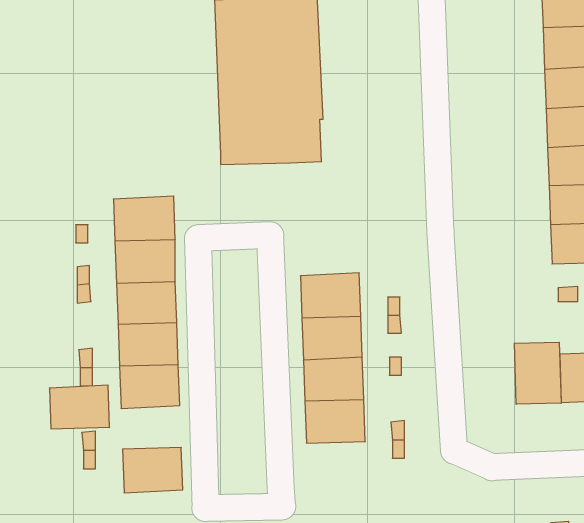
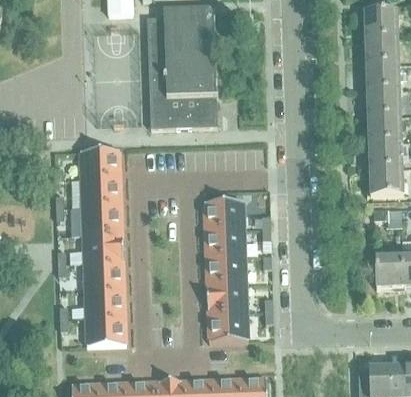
building: [514,342,561,404] -> none
building: [49,385,110,429] -> [85,287,125,316]
building: none -> [208,311,248,341]

